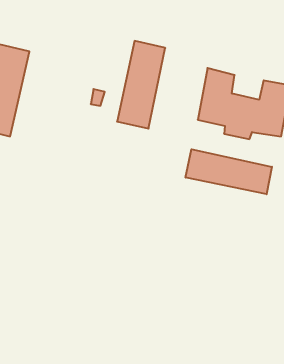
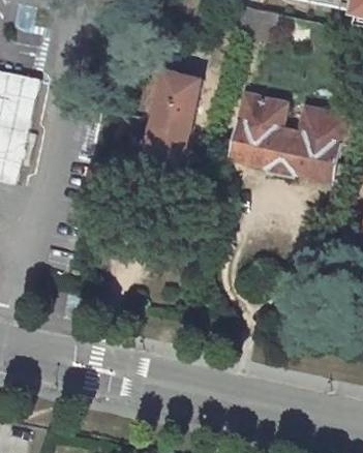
building: [186,149,272,194] -> none

